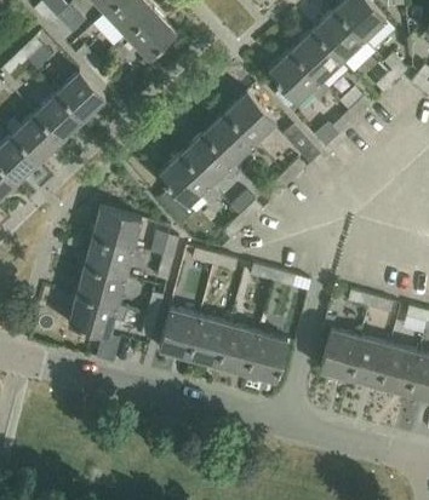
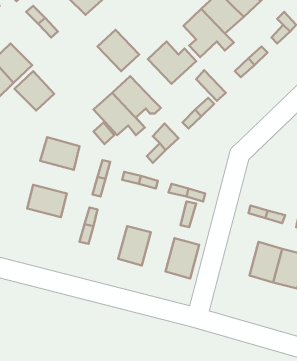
building: [56,73,104,121] -> [15,71,54,111]
building: [202,114,253,165] -> [98,30,139,71]
building: [84,238,133,278] -> none
building: [68,297,118,337] -> none
building: [159,310,199,358] -> none
building: [217,326,257,374] -> none
building: [320,331,360,379] -> none

